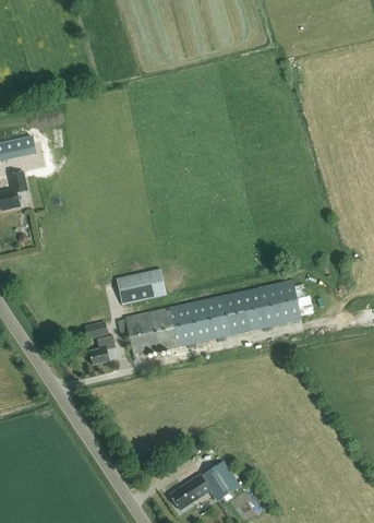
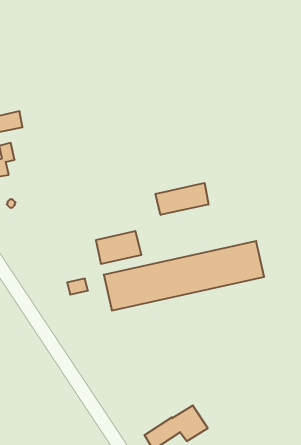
building: none -> [156,183,208,215]
building: [88,335,114,365] -> none

